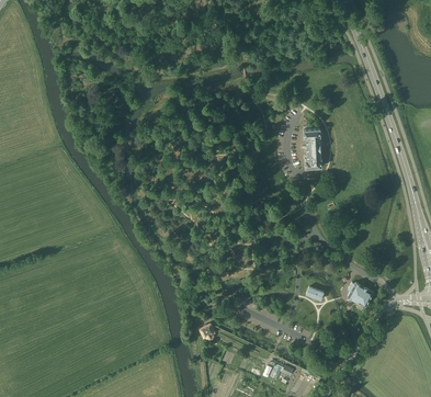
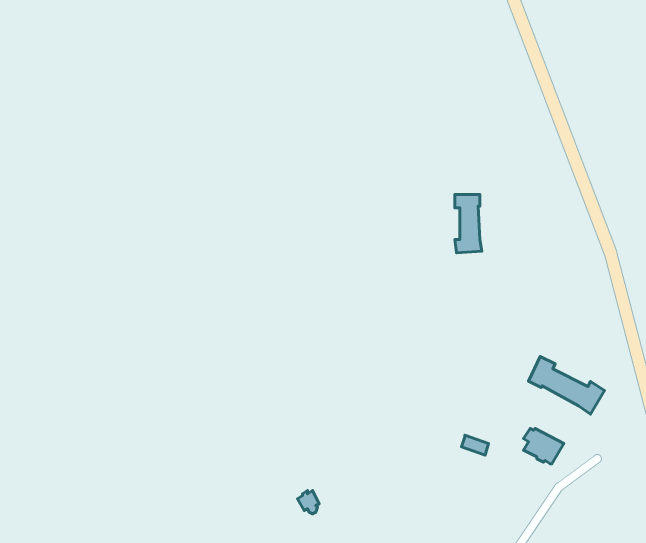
building: none -> [528,357,604,414]

